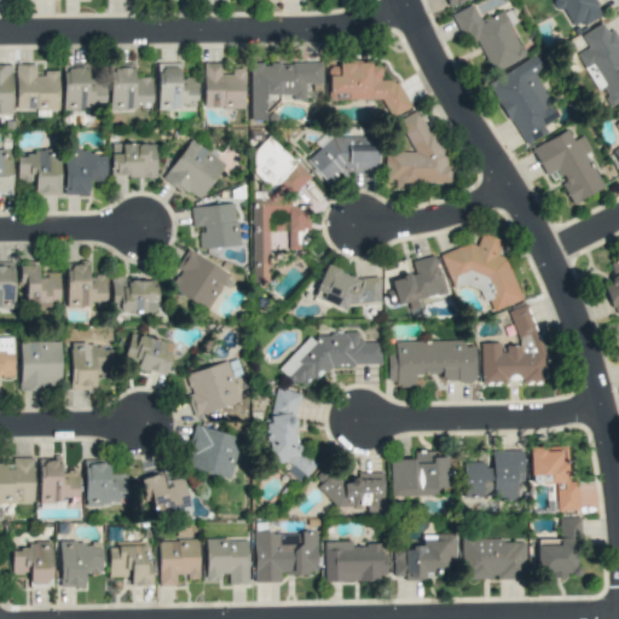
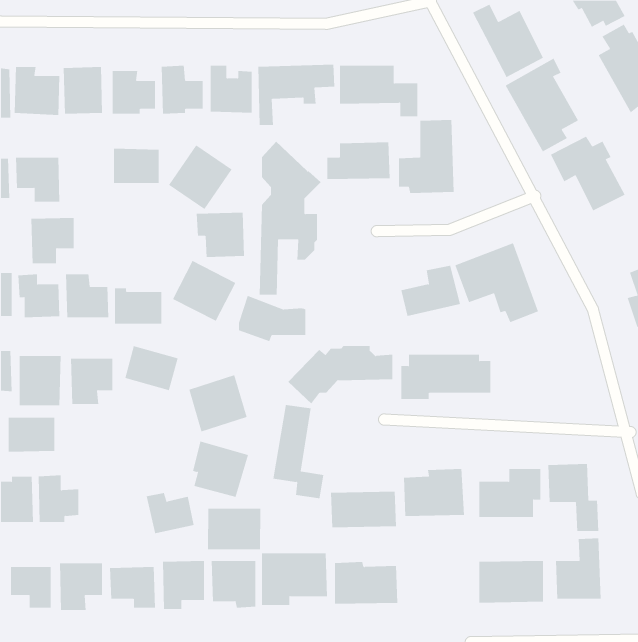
building: [65,151,108,196] -> [31,217,75,264]
building: [318,265,383,310] -> [238,295,306,342]
building: [482,305,546,383] -> none
building: none -> [8,417,55,452]
building: [85,461,129,507] -> none
building: none -> [208,508,261,550]
building: [394,533,458,579] -> none

